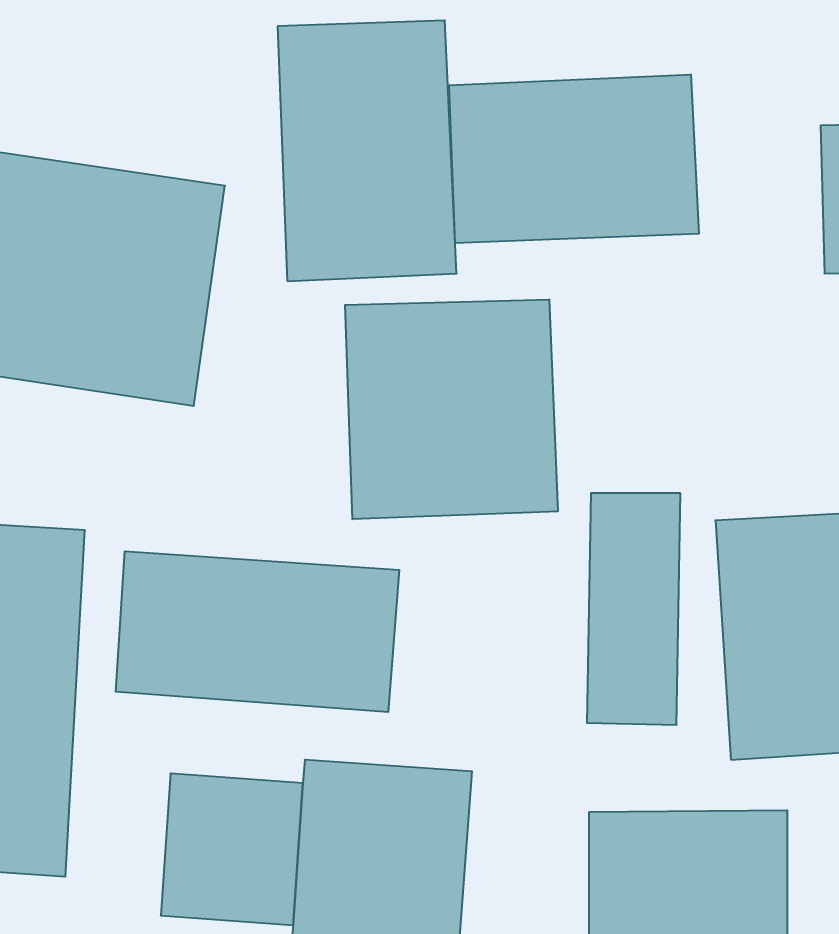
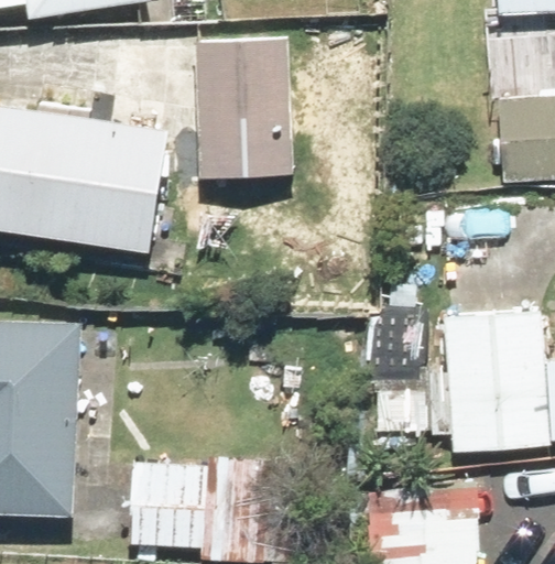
building: [449,74,699,243] -> none
building: [345,299,558,519] -> none
building: [116,551,399,712] -> none

